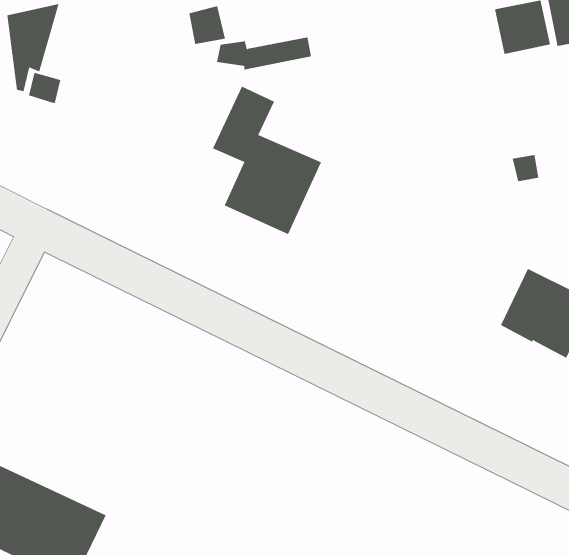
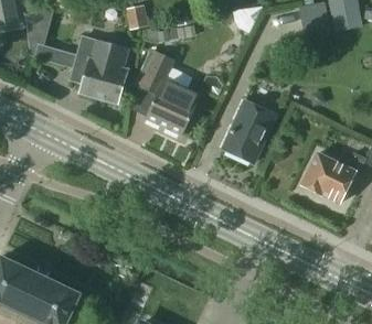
building: none -> [70,36,128,104]
building: none -> [222,101,275,164]

